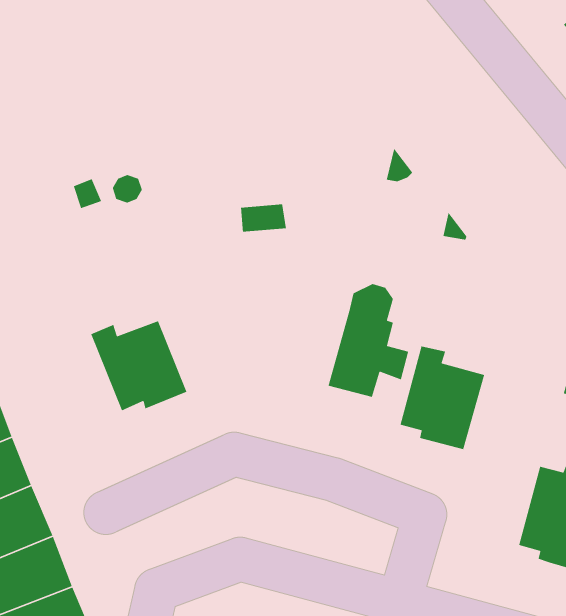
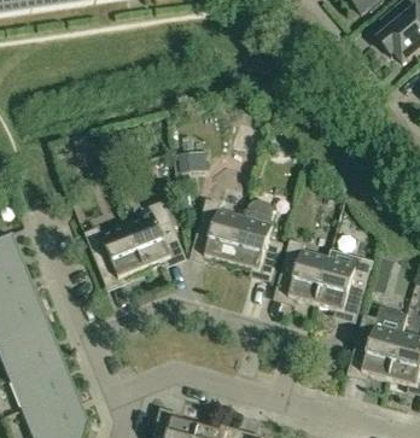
building: none -> [196,197,245,263]
building: none -> [127,199,182,267]
building: none -> [316,256,372,311]

